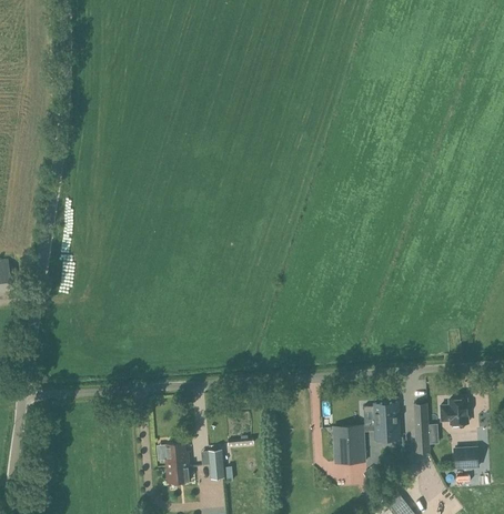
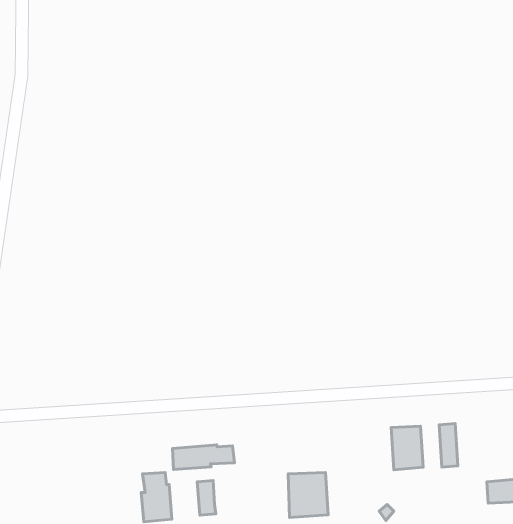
building: [440,400,467,424] -> none
building: none -> [173,445,234,469]
building: [332,426,365,464] -> [288,472,328,518]

